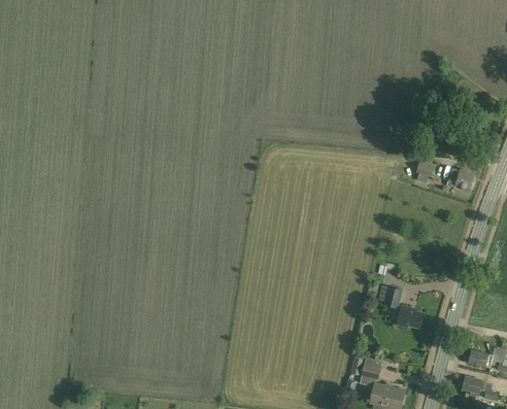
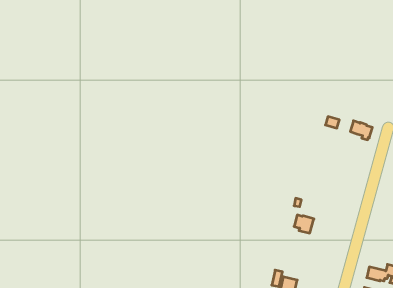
building: [398,305,425,328] -> none

